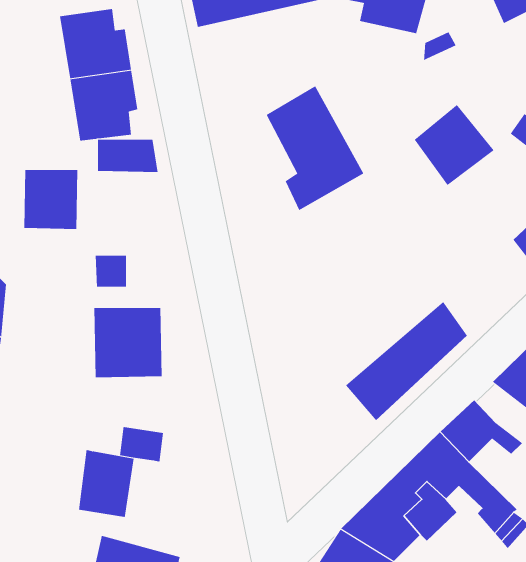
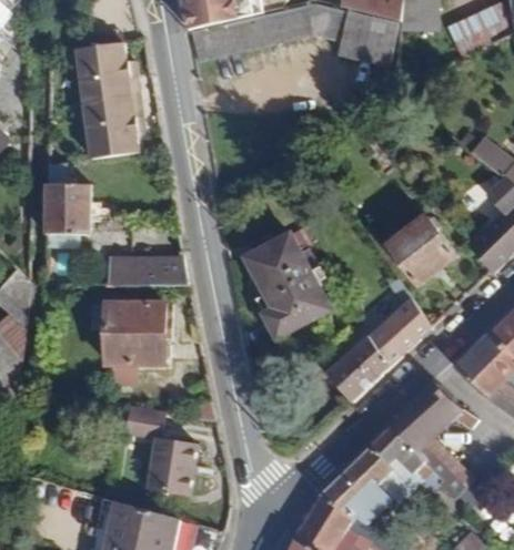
building: [266,85,364,211] -> [245,232,331,340]
building: [414,104,494,186] -> [386,215,456,286]
building: [97,139,158,172] -> [133,257,187,286]
building: [78,450,134,517] -> [150,436,199,495]

